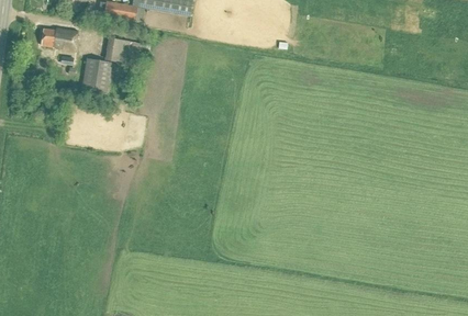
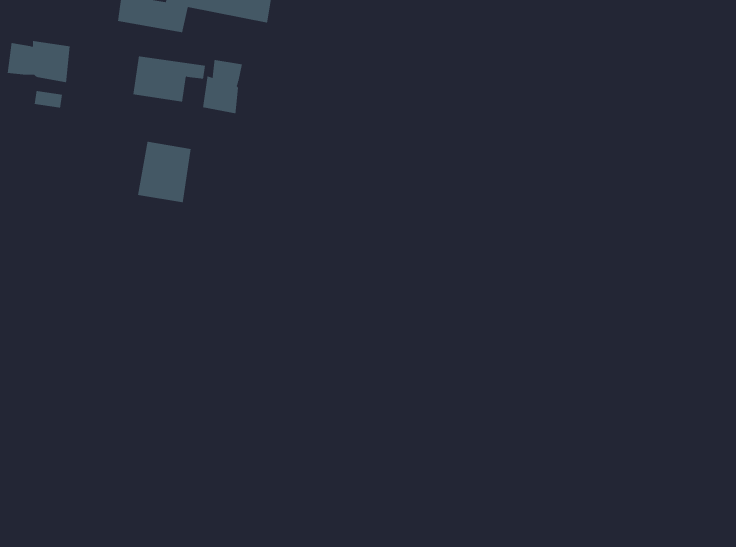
building: none -> [203,59,242,114]
building: [80,57,111,92] -> [137,141,191,203]

